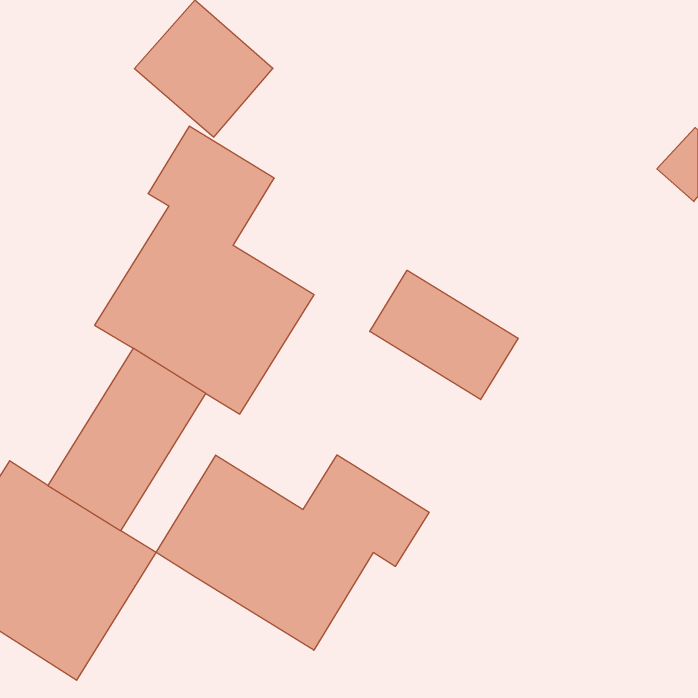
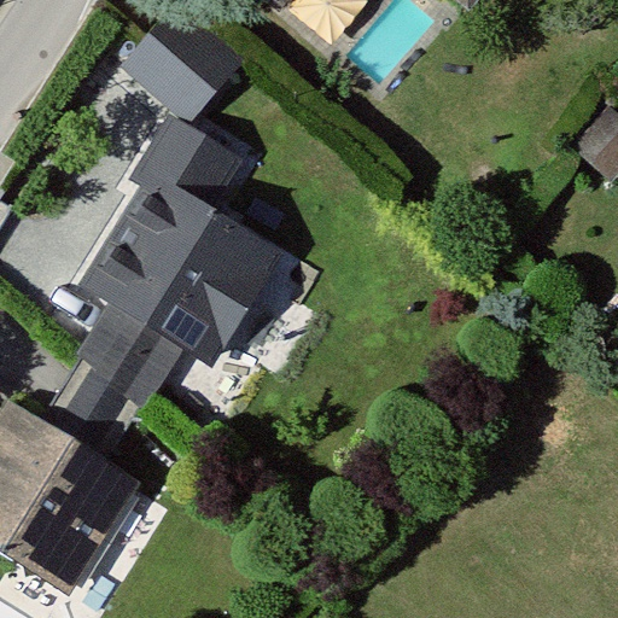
building: [370,270,518,400] -> none
building: [156,455,429,650] -> none

